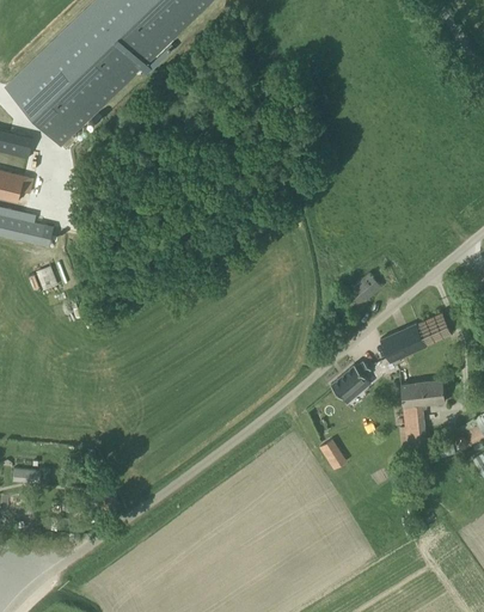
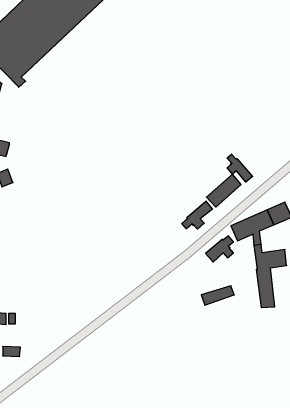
building: none -> [227,154,253,182]
building: none -> [182,201,212,229]

